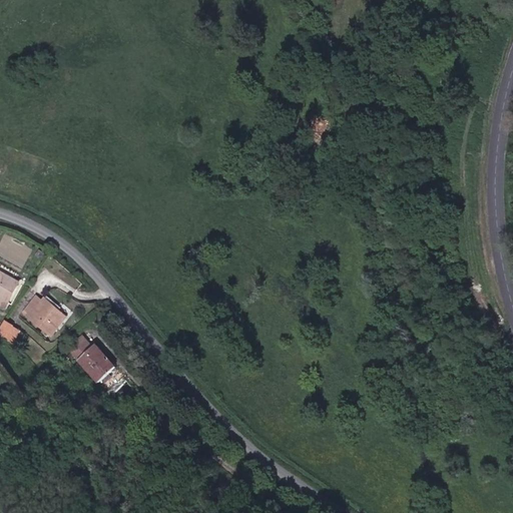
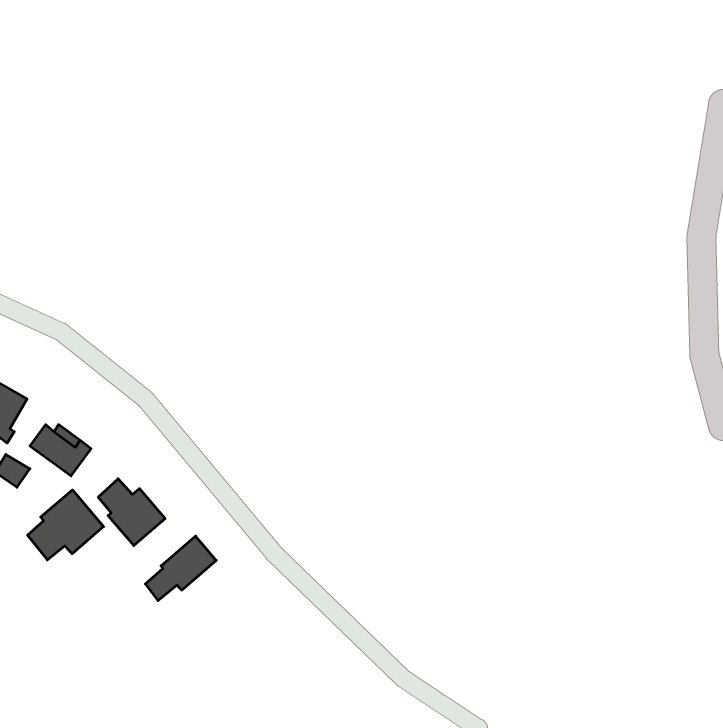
building: none -> [28,490,104,560]
building: none -> [145,536,216,601]

